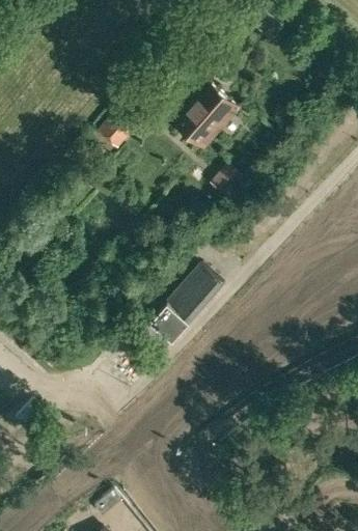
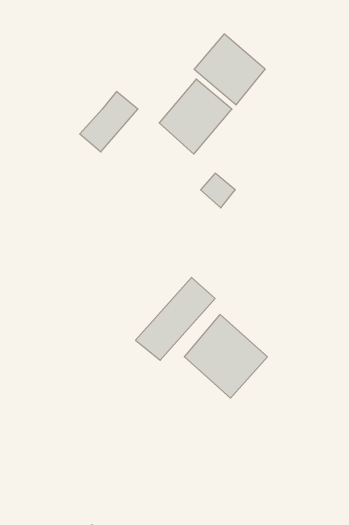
building: none -> [194,34,265,105]
building: none -> [184,315,267,398]

